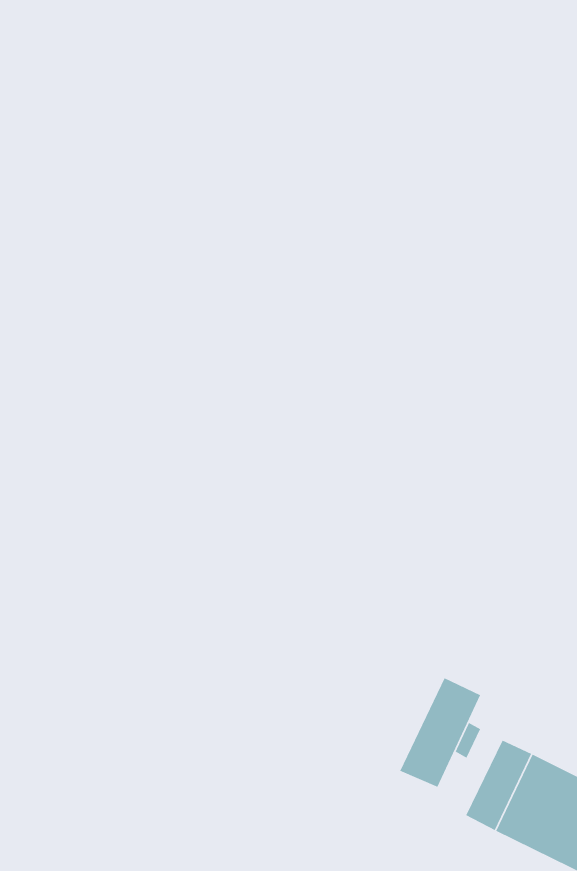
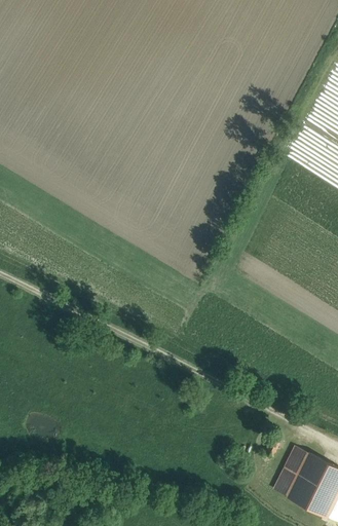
building: [399,677,481,788] -> none

